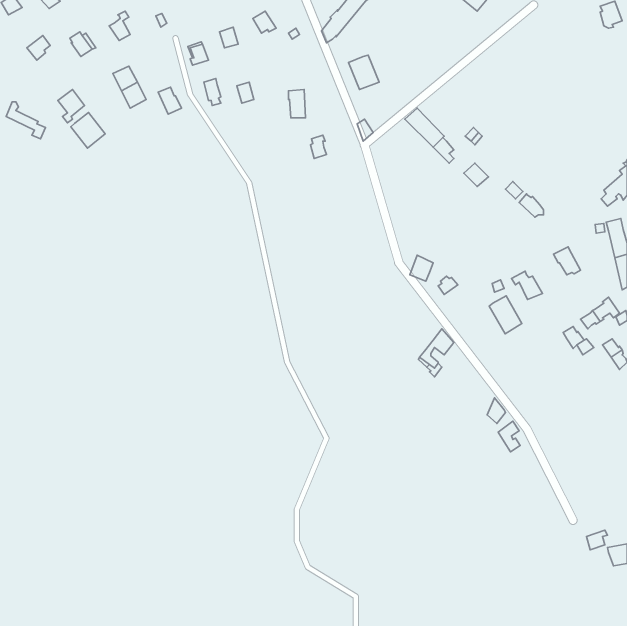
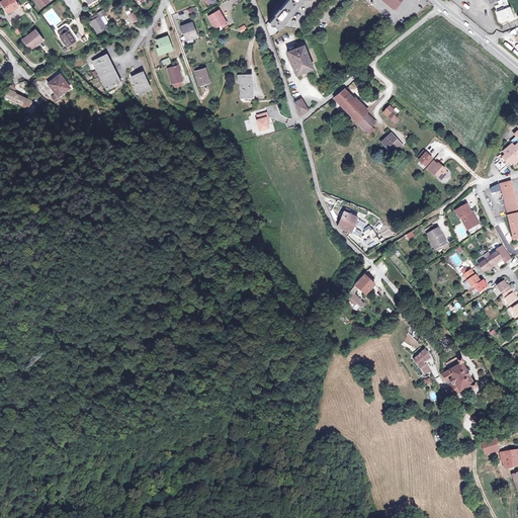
building: [71,113,105,148] -> none
building: [489,296,522,334] -> none
building: none -> [442,356,480,395]

